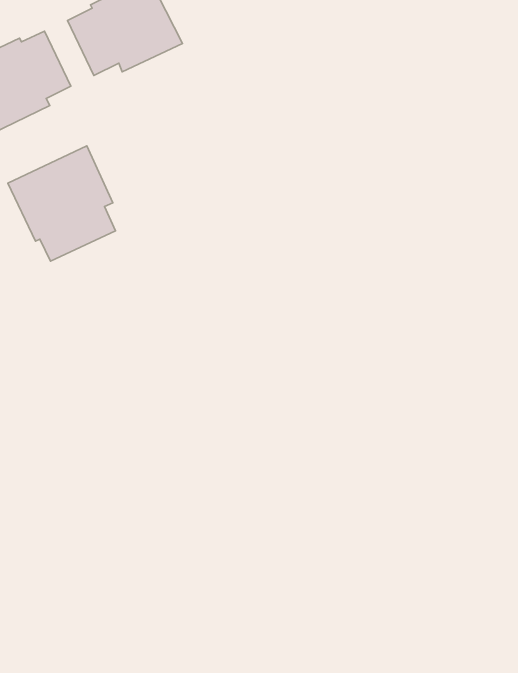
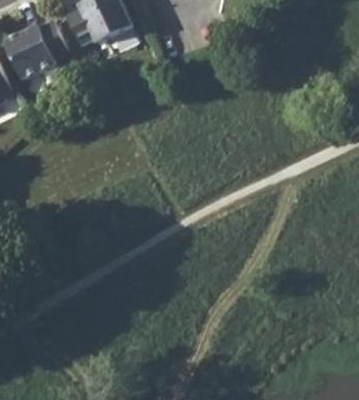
building: [8,146,115,261] -> none

